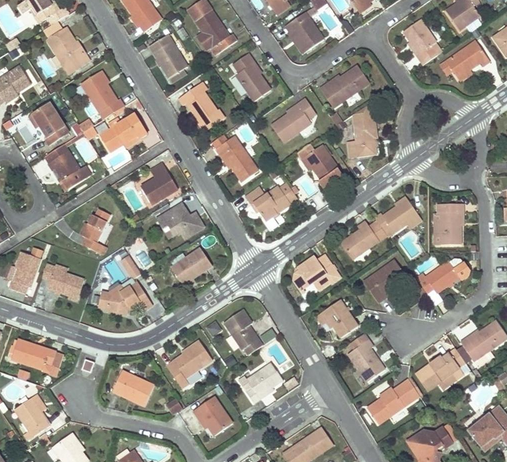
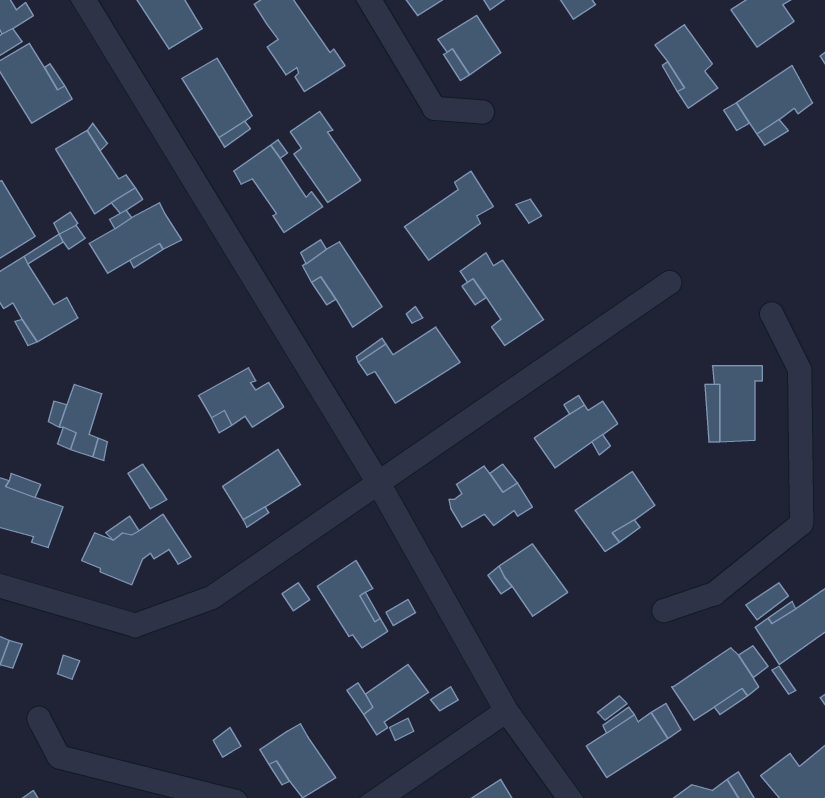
building: [235,52,273,101] -> [290,112,361,202]
building: [322,66,369,107] -> none
building: [349,121,377,156] -> none
building: [141,163,178,206] -> none
building: [372,194,417,231] -> none
building: [415,260,470,297] -> none
building: [165,339,210,388] -> none
building: [346,339,383,382] -> none
building: [111,369,152,404] -> none

